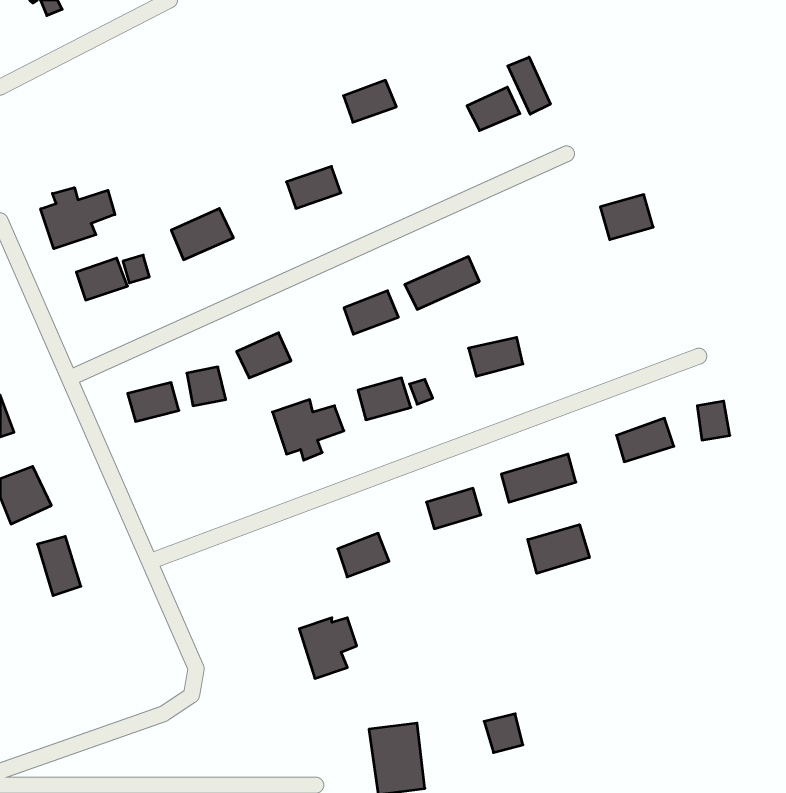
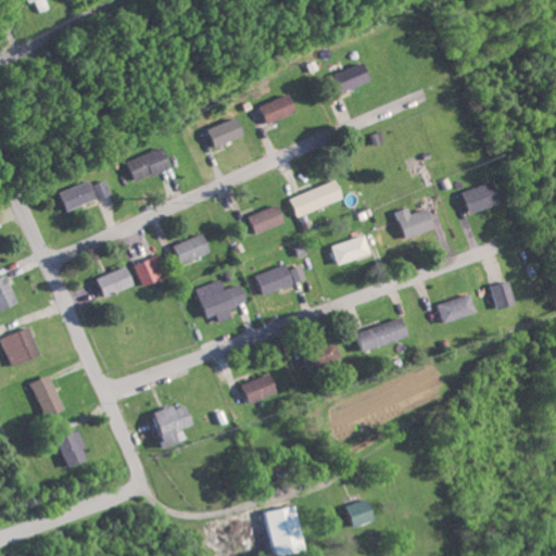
building: [508,57,550,114] -> none
building: [343,80,396,122] -> [258,94,295,124]
building: [41,188,115,249] -> none
building: [600,195,653,240] -> [463,181,500,213]
building: none -> [395,207,433,240]
building: [528,525,589,573] -> none
building: none -> [56,430,87,467]
building: [299,618,357,678] -> [151,405,191,447]

